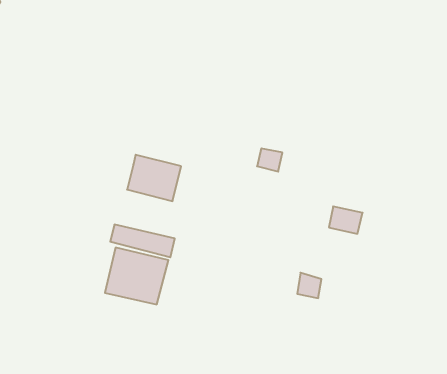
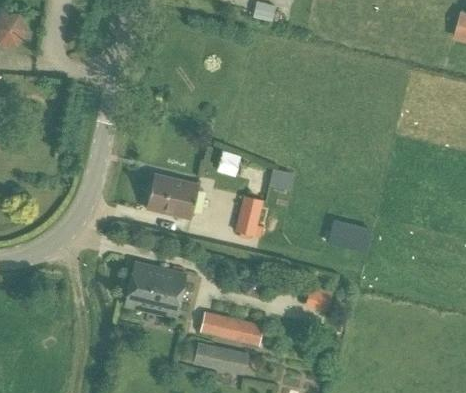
building: none -> [236,195,263,238]
building: [110,225,175,257] -> [201,313,262,344]
building: none -> [193,344,247,373]

